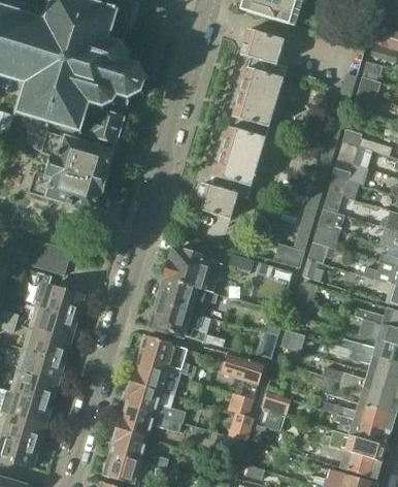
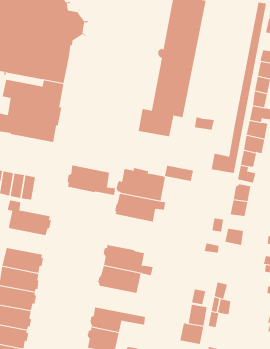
building: [151,300,206,340] -> [67,165,116,195]
building: [29,304,76,338] -> none
building: [222,350,264,384] -> none
building: [124,381,185,422] -> none

